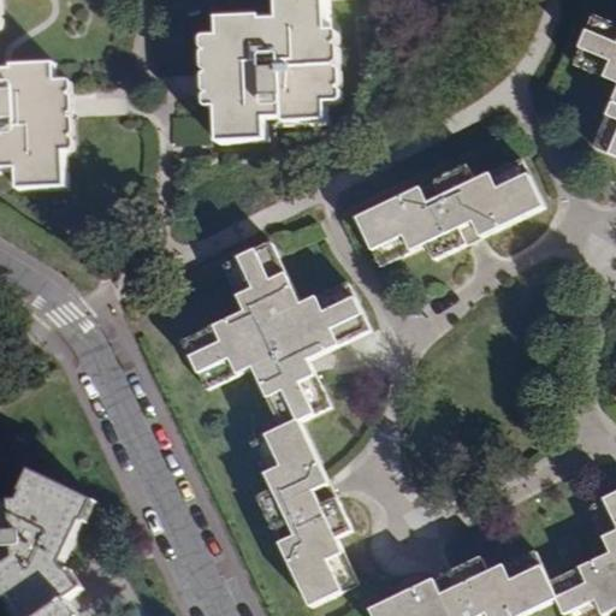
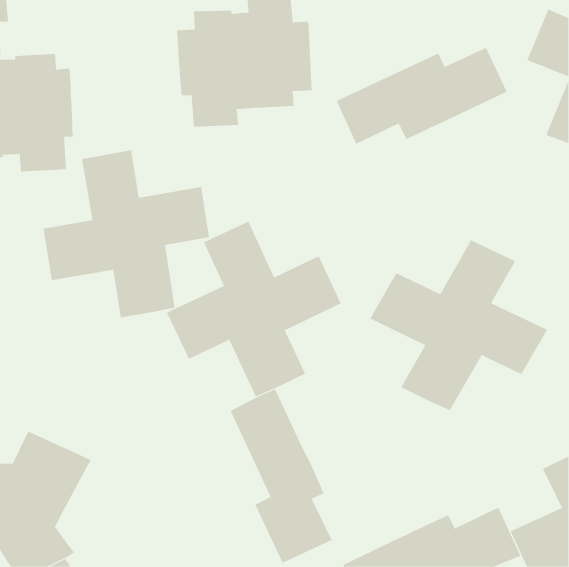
building: [360,158,545,262] -> [336,47,508,144]
building: none -> [43,149,209,318]
building: none -> [370,240,548,411]

